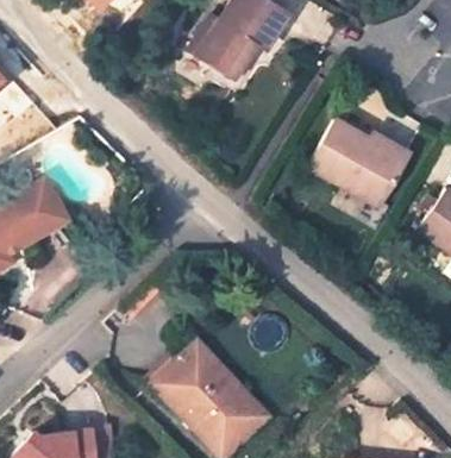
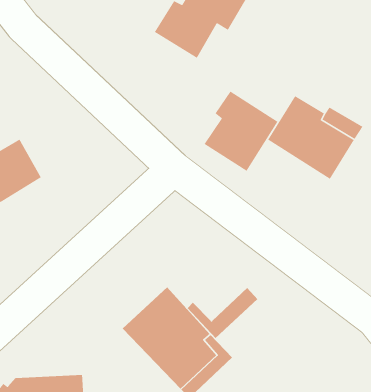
building: none -> [204,91,279,172]
building: none -> [187,287,258,339]

